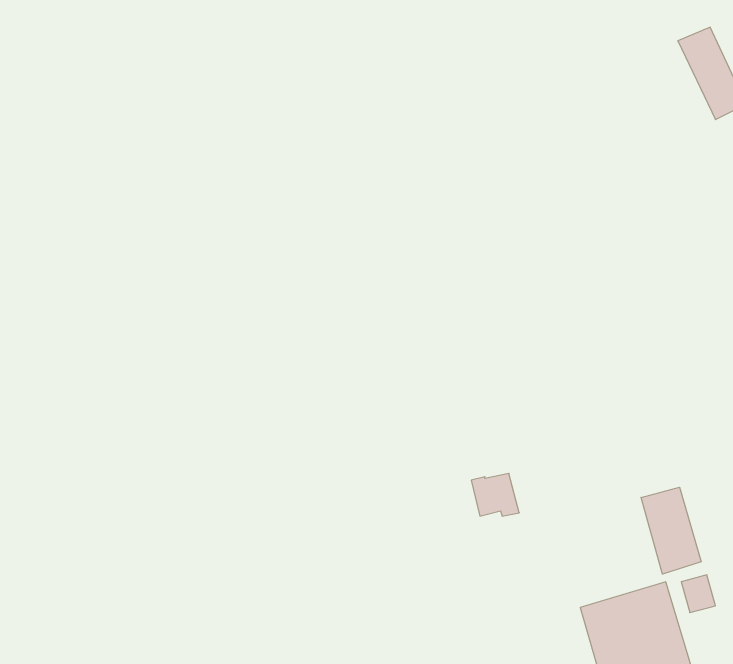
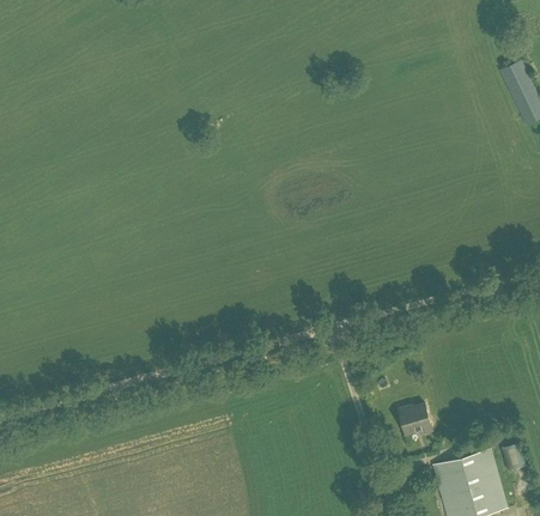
building: [471,473,519,516] -> [398,403,431,433]
building: [641,487,701,574] -> none

